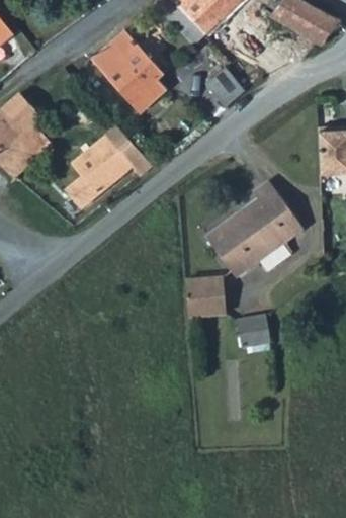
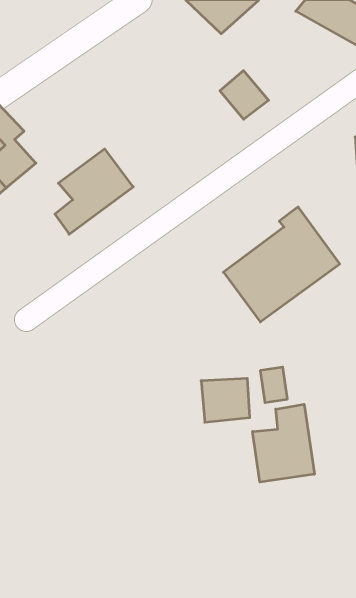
building: [90,29,171,118] -> none
building: [187,277,229,315] -> [201,378,250,422]
building: none -> [253,404,314,482]

